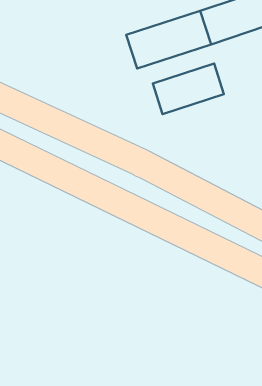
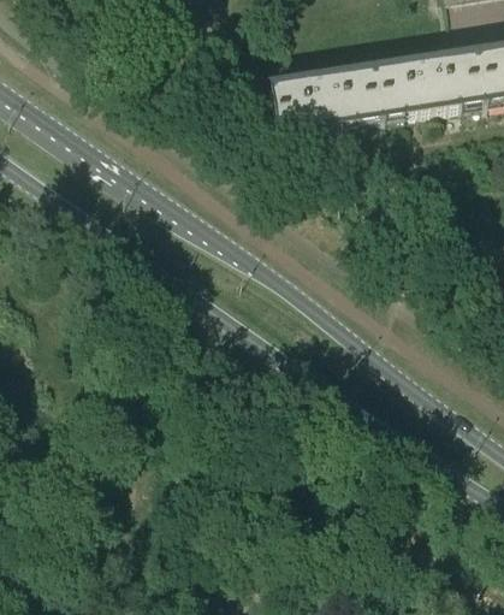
building: [153,63,224,114] -> none

